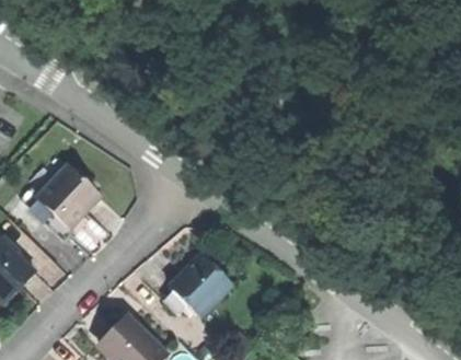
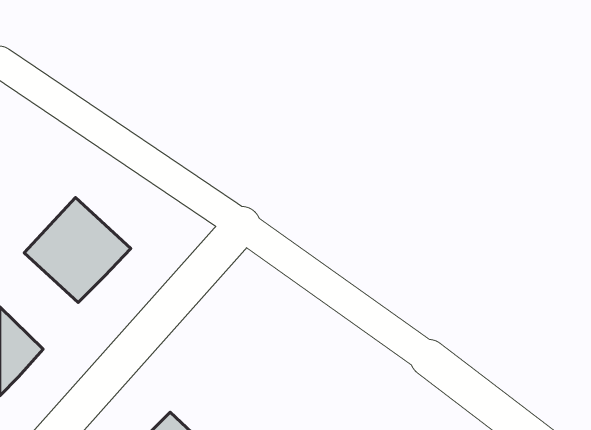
building: [162,252,230,314] -> none

